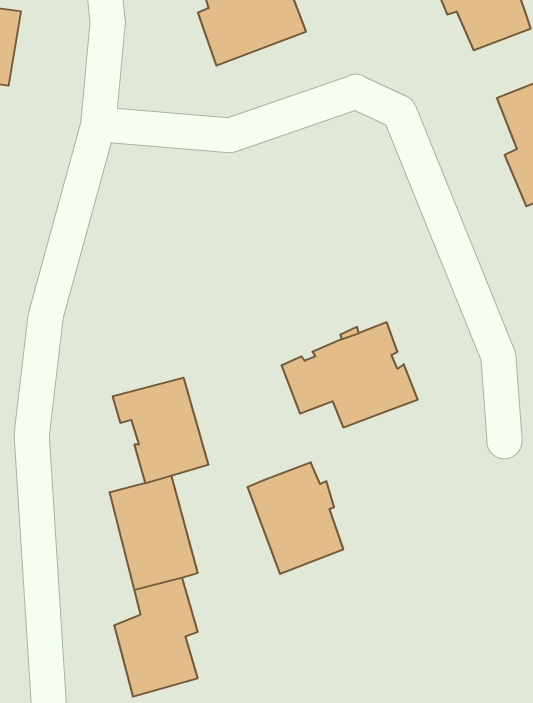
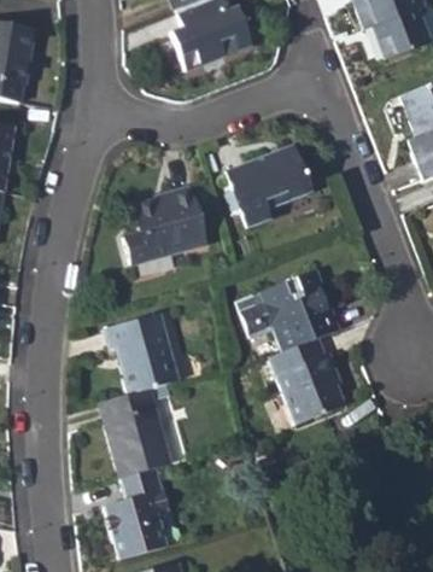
building: none -> [228,147,314,228]
building: none -> [122,182,205,255]
building: [247,462,343,574] -> [270,339,345,426]

